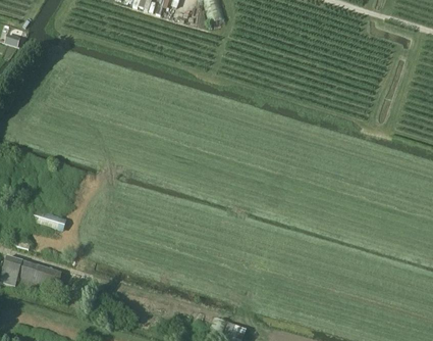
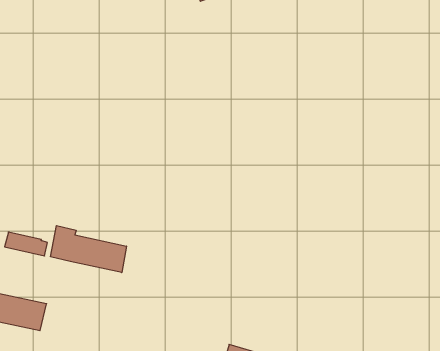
building: none -> [51,226,126,273]

